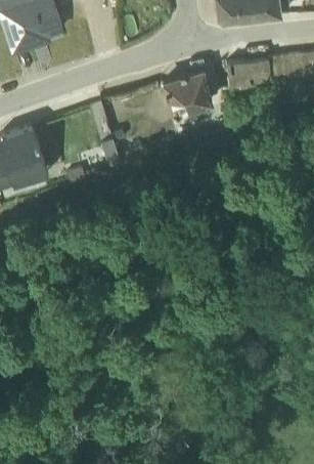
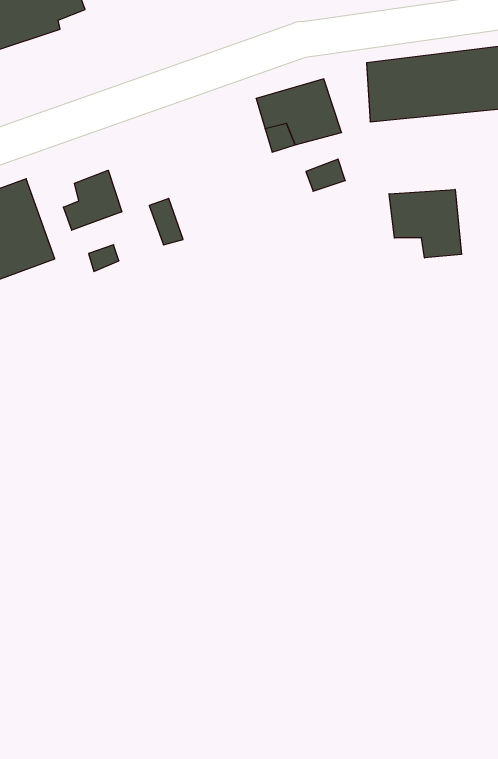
building: none -> [63,170,122,230]
building: none -> [389,189,461,258]

